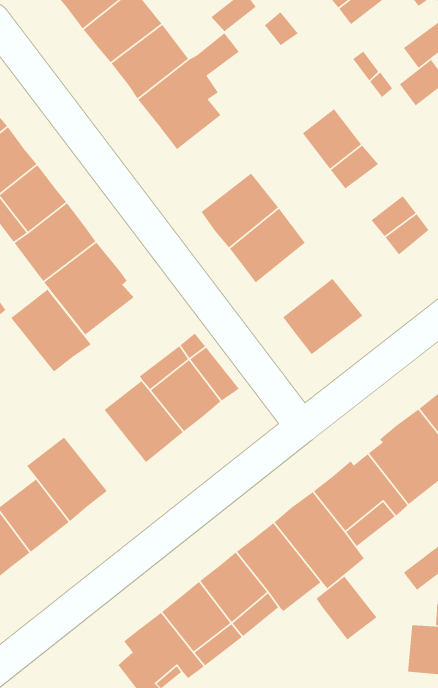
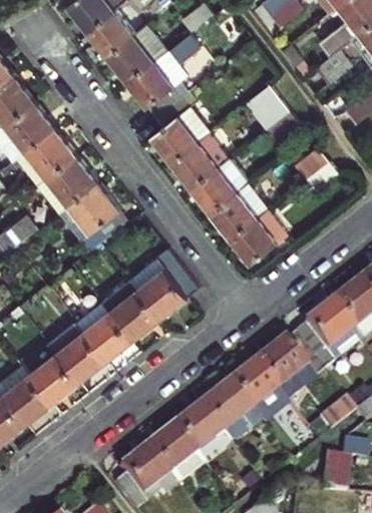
building: none -> [150,92,208,161]
building: none -> [210,183,265,236]
building: [10,288,92,373] -> [73,301,131,361]
building: [315,576,377,640] -> none

